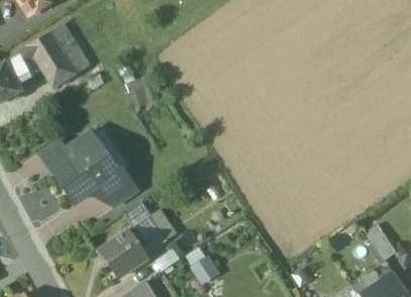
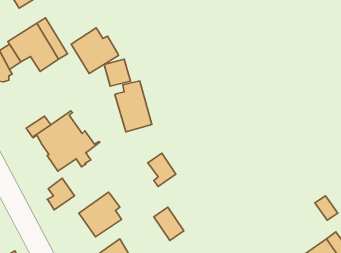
building: none -> [71,28,119,74]
building: none -> [115,81,152,132]
building: [105,169,136,205] -> [47,178,74,210]
building: [133,216,166,255] -> [148,153,176,187]

